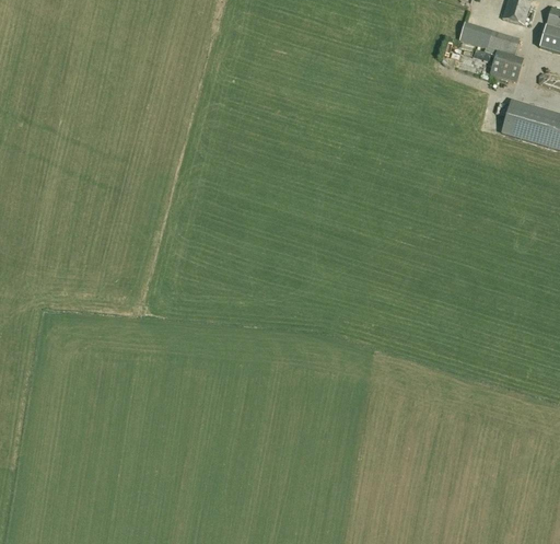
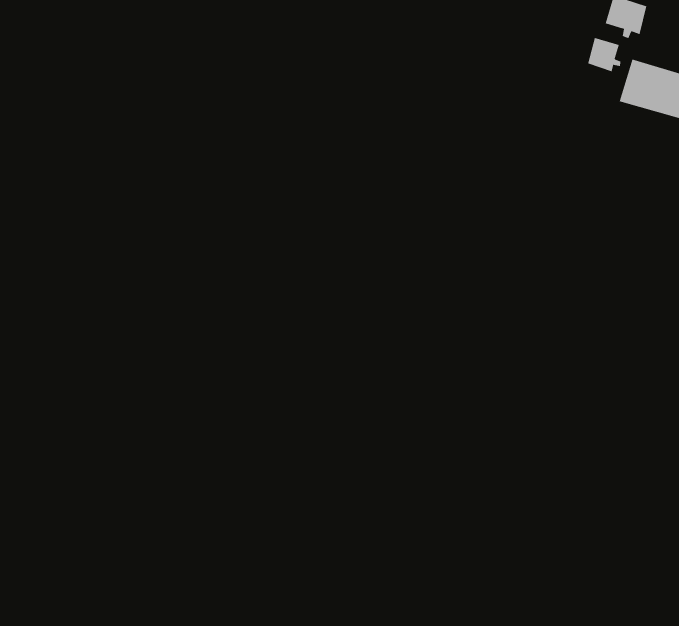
building: none -> [588,37,621,72]

